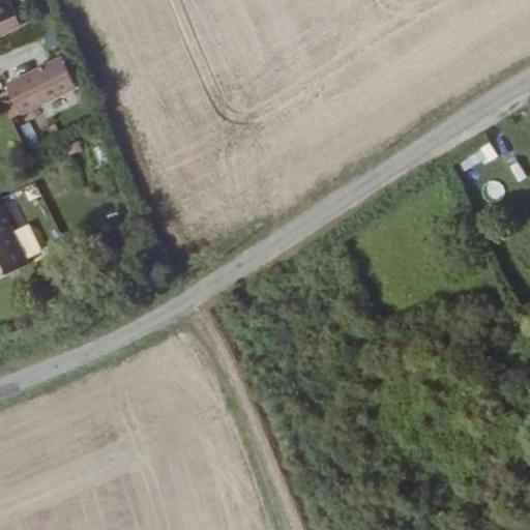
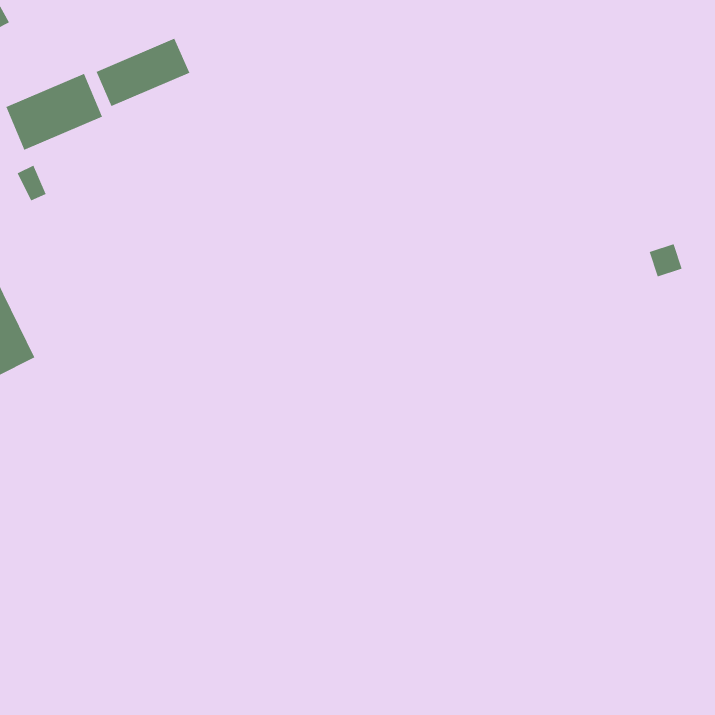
building: none -> [96,38,190,107]

